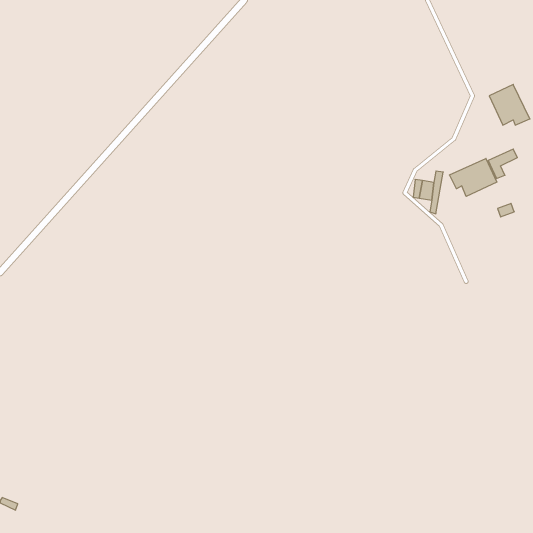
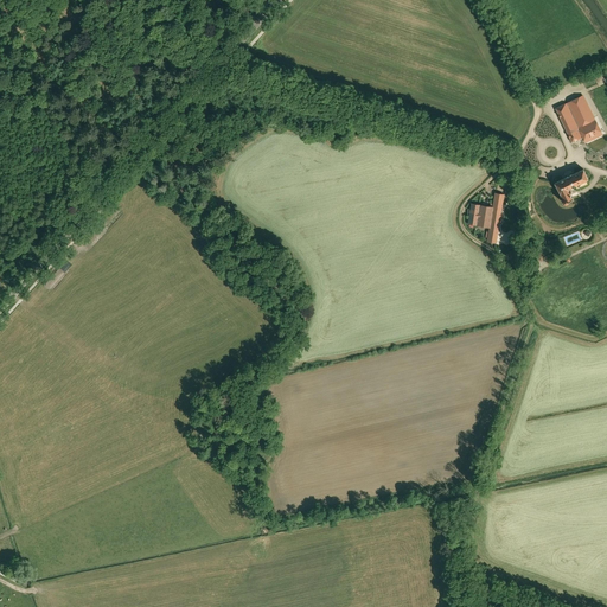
building: [449,158,497,196] -> none

